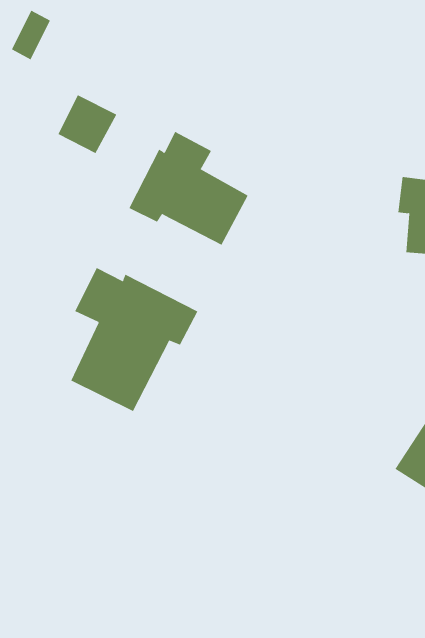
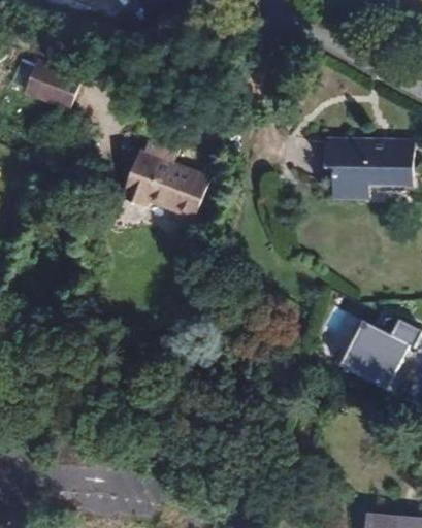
building: [57,95,117,154] -> [38,63,80,105]
building: [71,267,198,412] -> none

